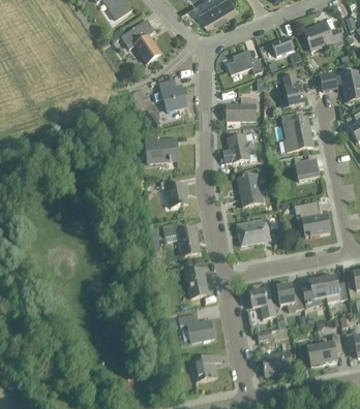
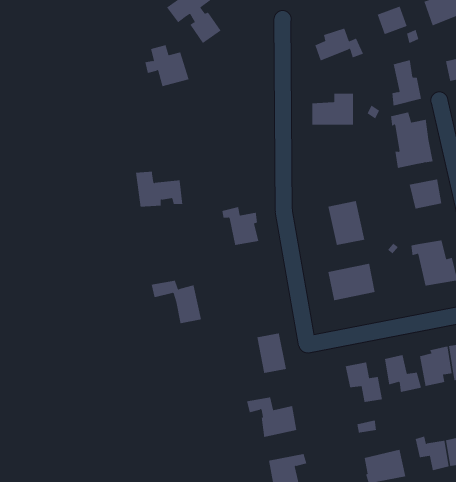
building: [154,80,186,109] -> [144,45,189,87]
building: [223,133,252,162] -> none
building: [144,135,178,161] -> [135,171,183,207]
building: [162,223,199,254] -> [151,280,202,324]

